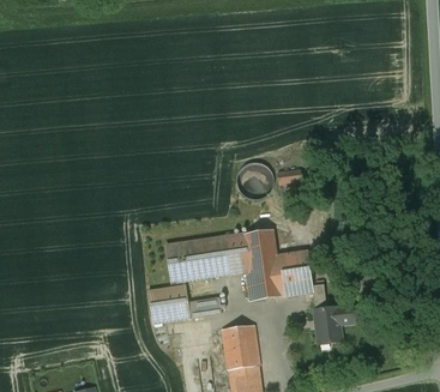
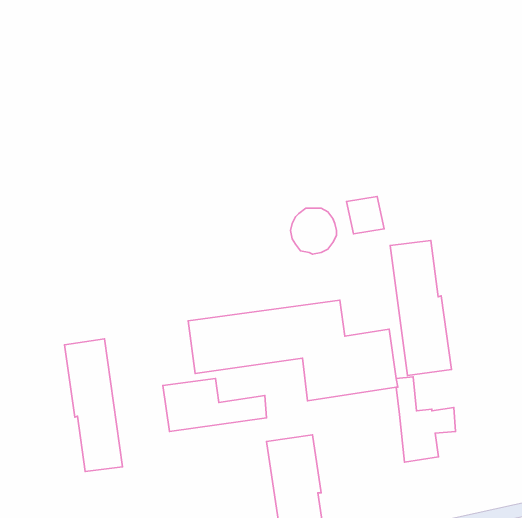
building: none -> [390,240,451,376]
building: none -> [64,339,123,472]

